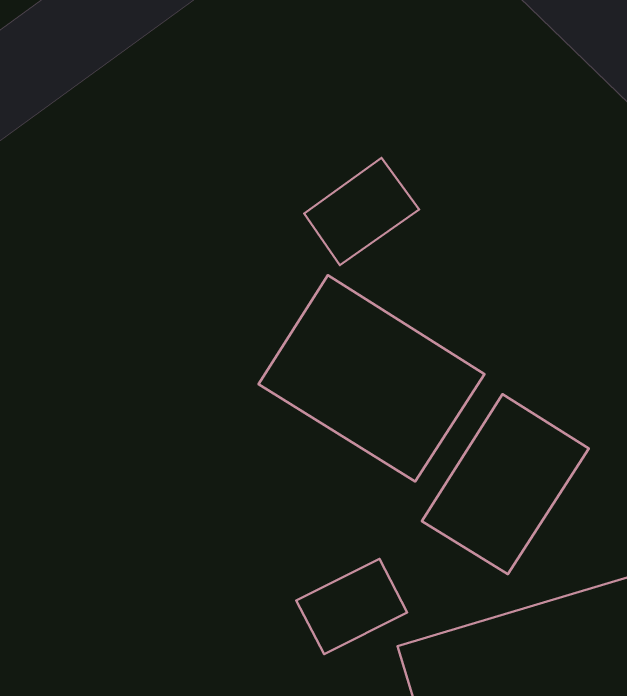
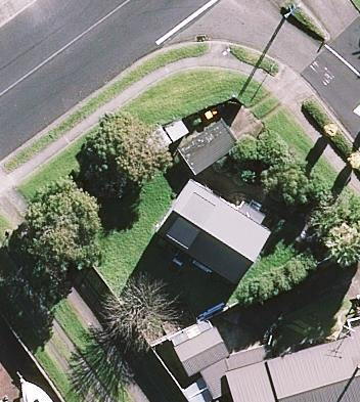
building: [422,394,589,574] -> none

